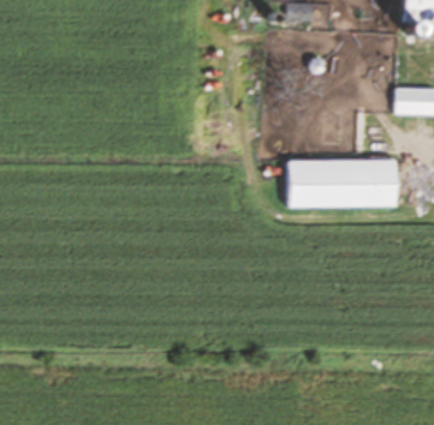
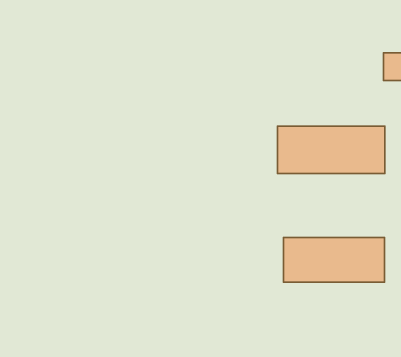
building: none -> [283,237,384,282]

